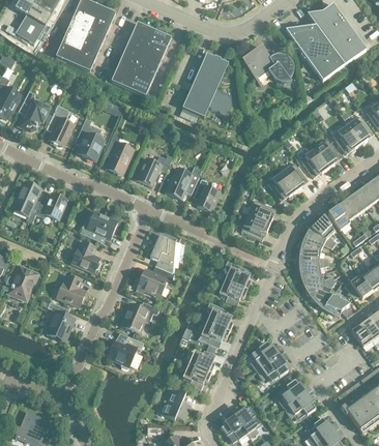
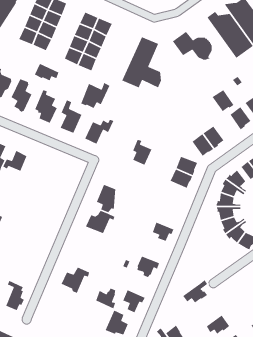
building: none -> [34,63,59,82]
building: [299,148,327,176] -> [212,89,234,112]
building: [165,165,202,199] -> [80,82,111,110]
building: [80,211,116,240] -> none
building: [71,240,100,271] -> none
building: [224,259,251,289] -> none
building: [56,274,86,305] -> none
building: [46,300,69,338] -> [5,280,25,311]
building: [121,300,159,332] -> none
building: [206,301,233,330] -> none
building: [250,340,278,370] -> none
building: [188,346,214,373] -> [95,287,116,309]
building: [279,379,304,408] -> none

